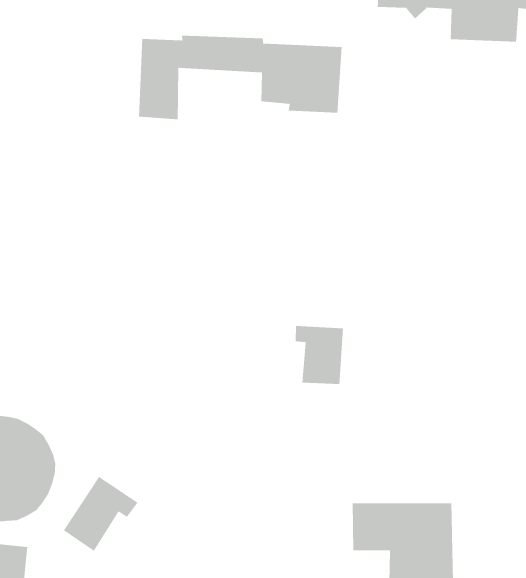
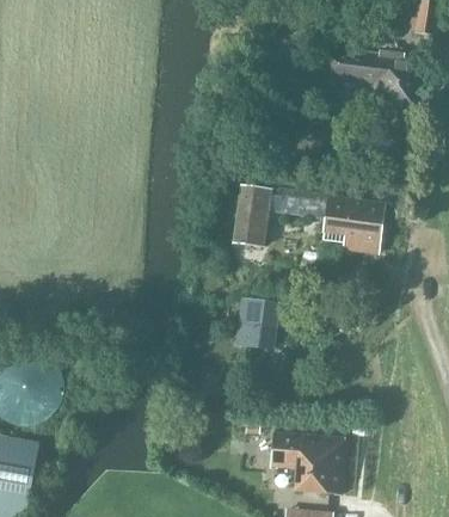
building: [138,35,343,120] -> [234,185,385,251]
building: [63,476,138,552] -> none

